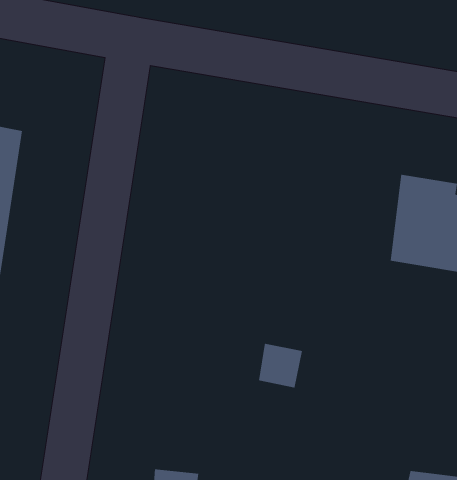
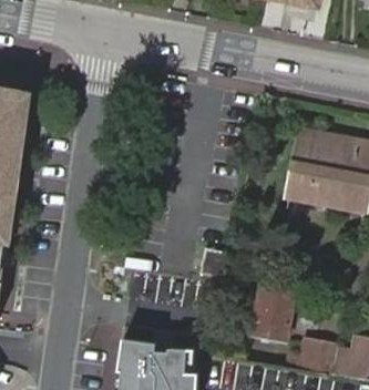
building: none -> [252,280,298,340]

